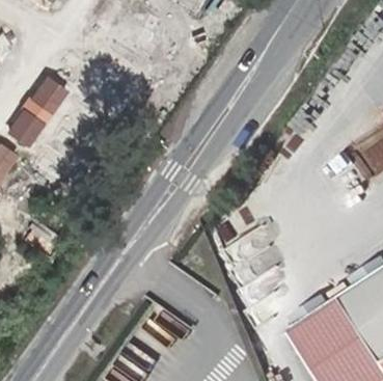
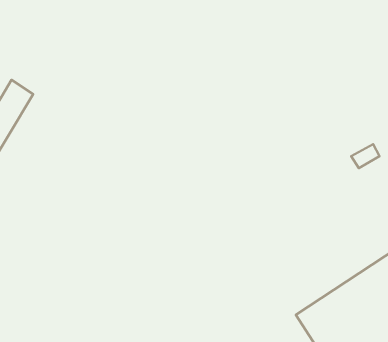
building: [27,78,66,118] -> none

